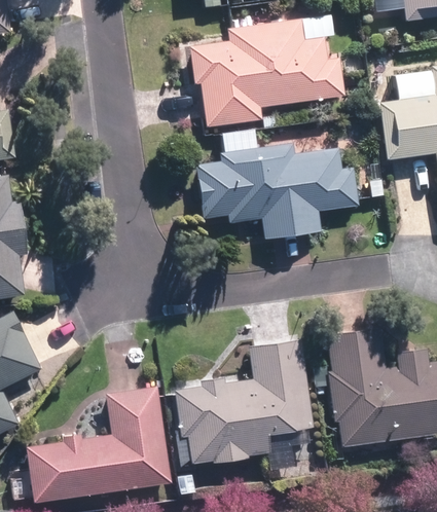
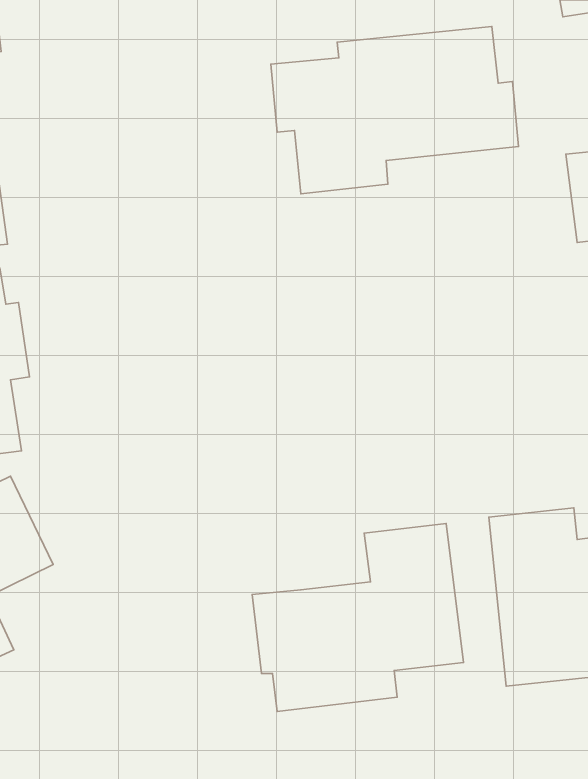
building: [195,141,359,239] -> none
building: [25,388,170,501] -> none

